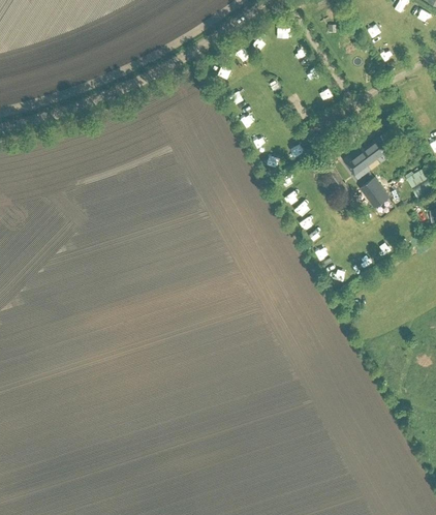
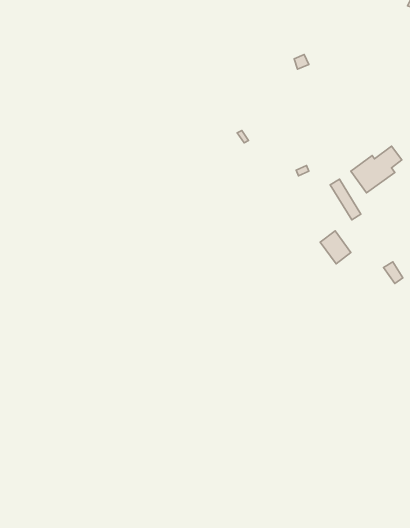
building: [361,178,388,208] -> [320,231,351,264]

